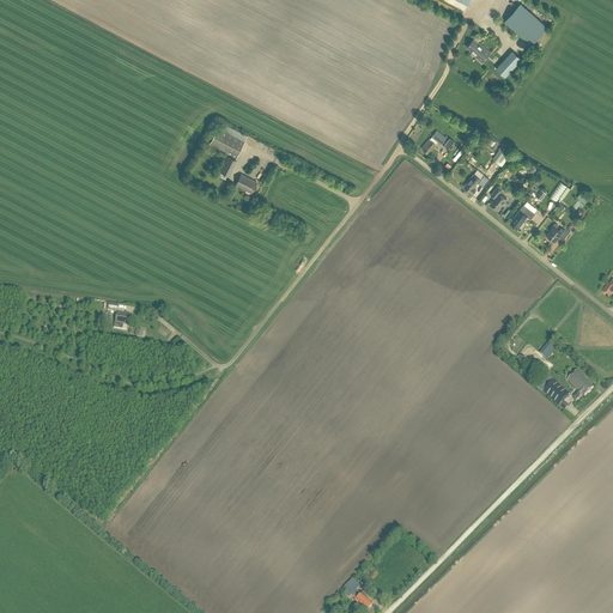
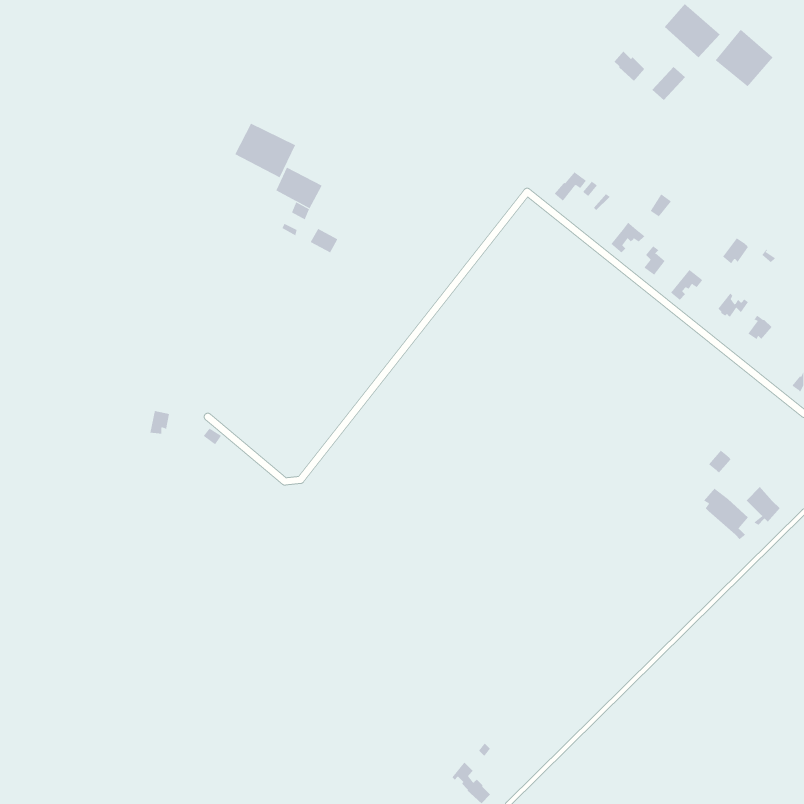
building: none -> [715,29,773,87]
building: none -> [234,123,296,178]

